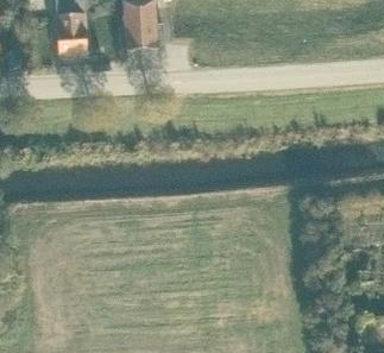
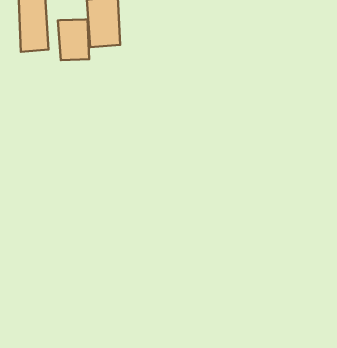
building: none -> [58,19,89,60]

